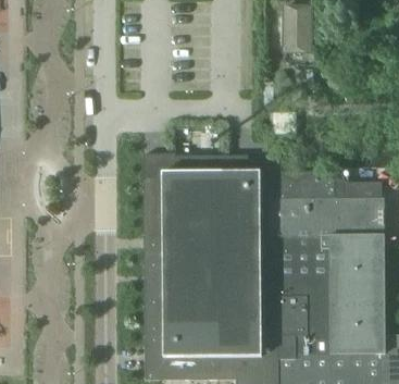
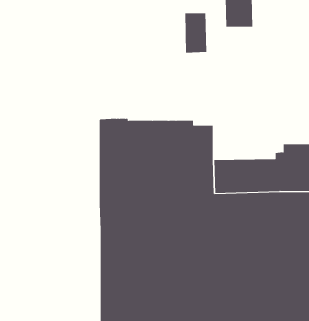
building: none -> [185,13,207,53]
building: [269,162,345,200] -> none

